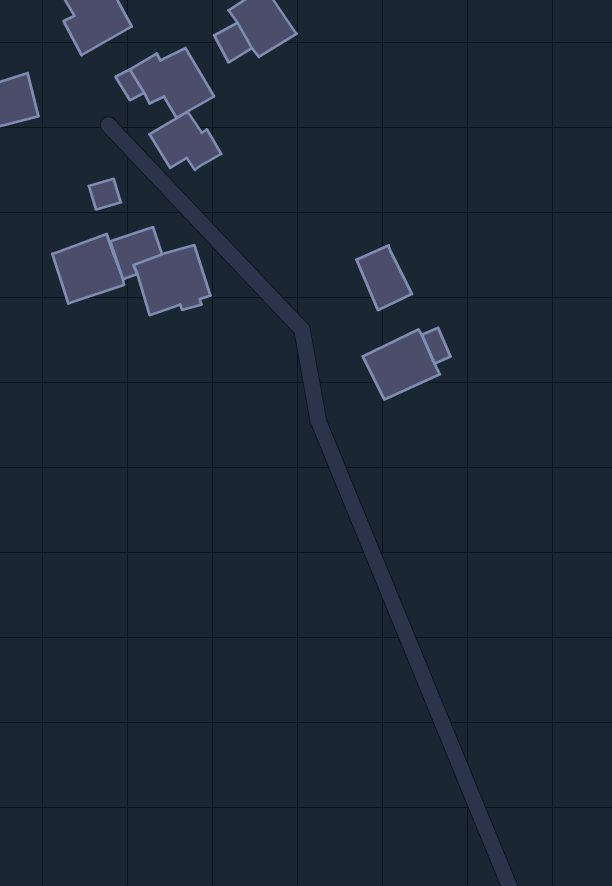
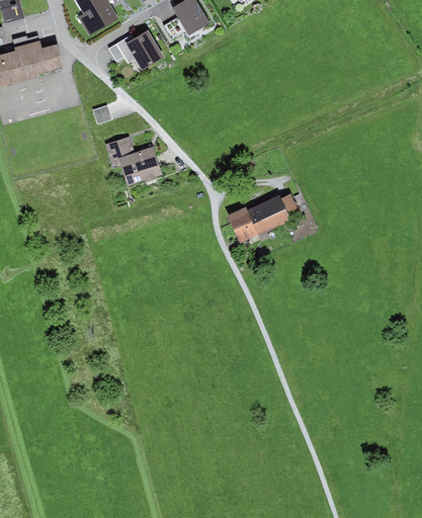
building: [149,112,221,170] -> none
building: [52,234,124,304] -> none
building: [356,245,412,310] -> [228,202,259,239]

